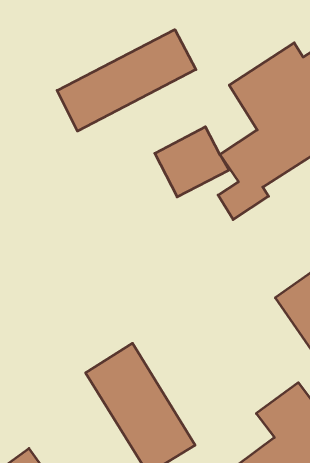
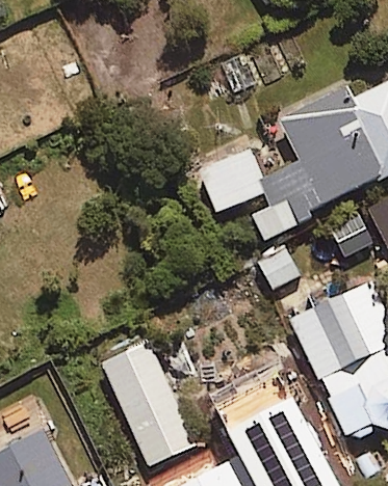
building: [57,30,196,131] -> none

